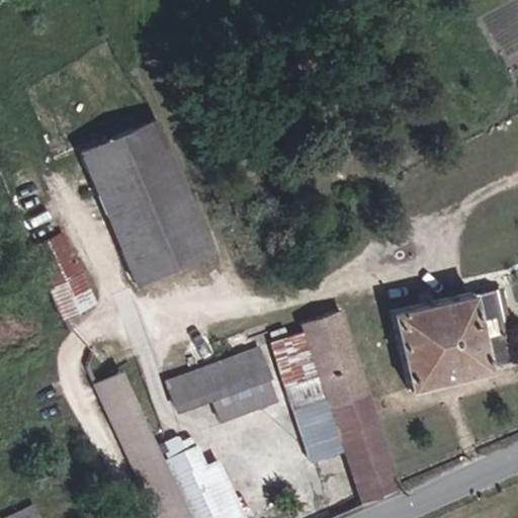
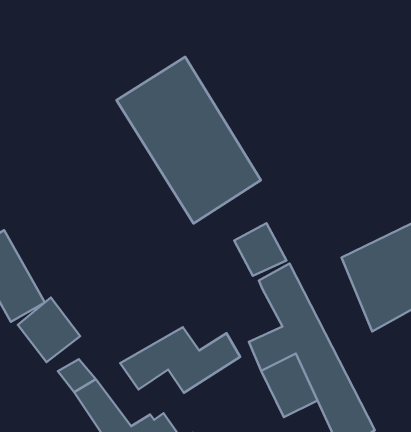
building: [88,127,214,290] -> [117,57,261,223]
building: none -> [18,297,80,362]
building: [276,335,324,383] -> [234,223,287,276]
building: [227,346,268,383] -> none

